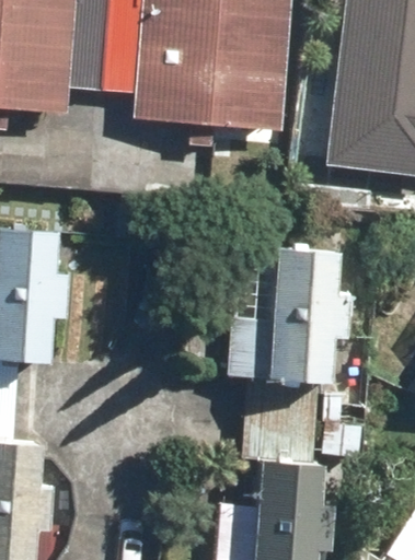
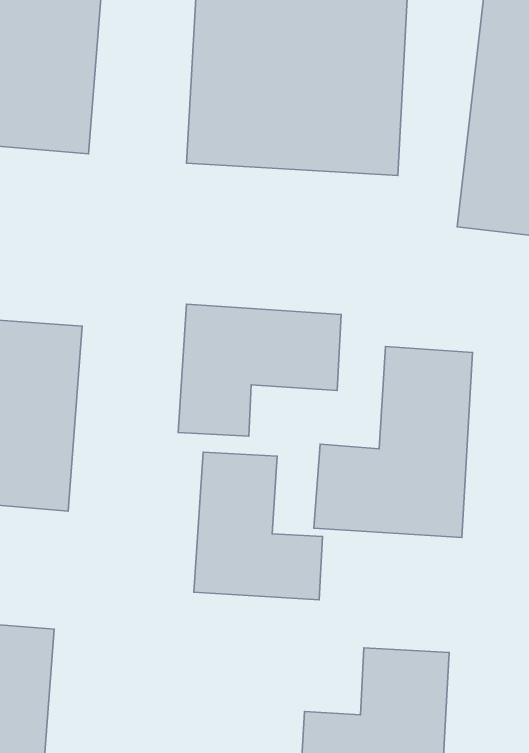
building: none -> [178,304,341,436]
building: none -> [194,452,322,600]

